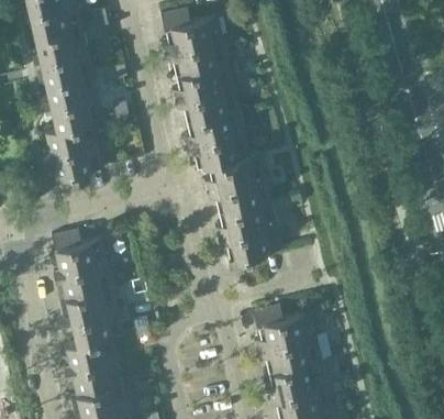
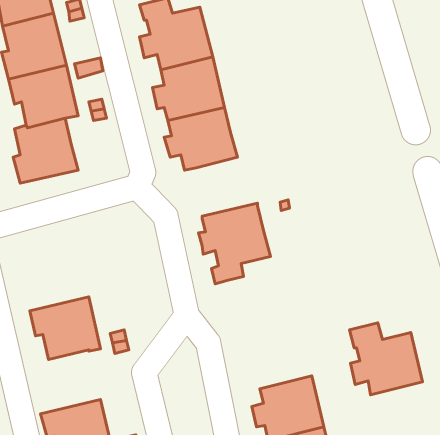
building: [203,155,269,212] -> none
building: [48,231,112,300] -> none
building: [252,306,320,373] -> [349,323,423,395]
building: [62,337,123,396] -> none

